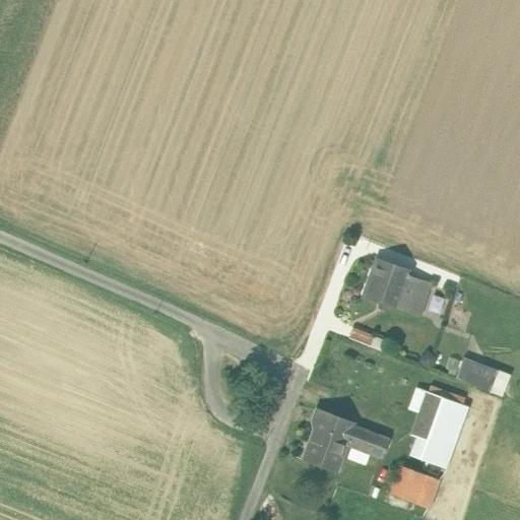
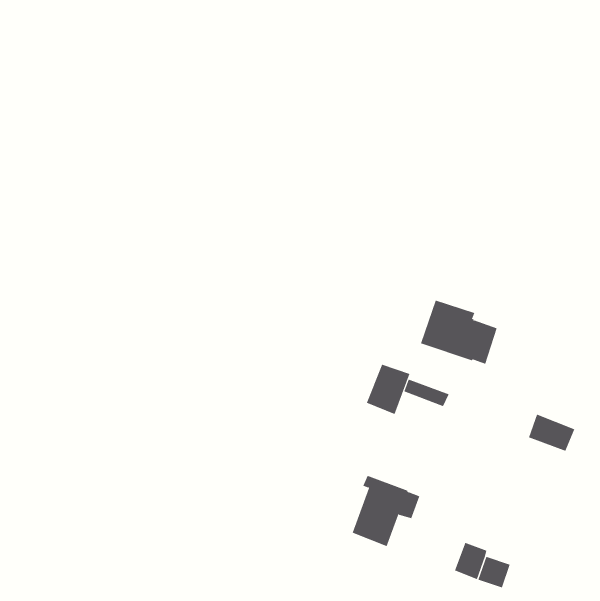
building: none -> [366,364,410,415]
building: [412,392,466,466] -> none
building: [356,429,390,458] -> none

